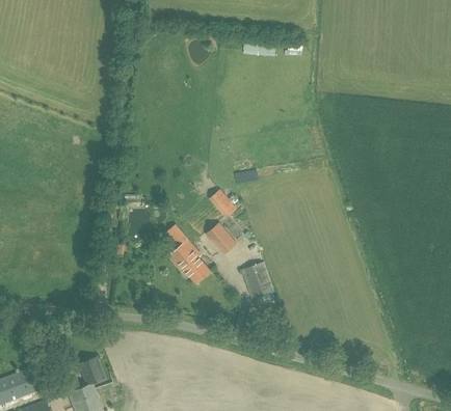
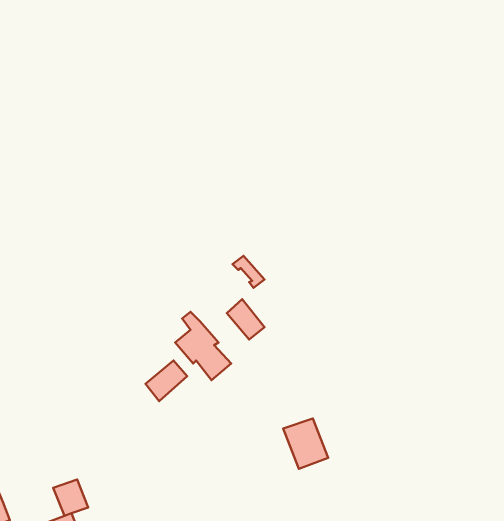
building: [241,262,274,299] -> [283,419,328,469]
building: none -> [146,360,187,401]

